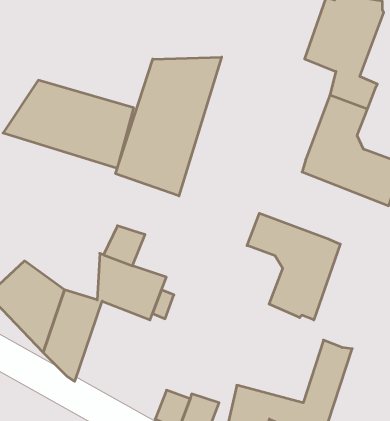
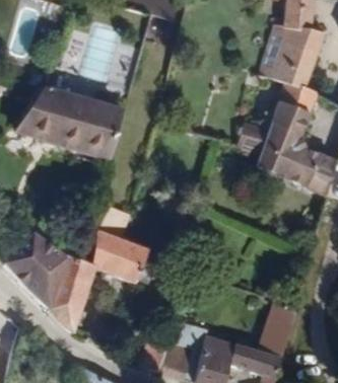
building: [116,57,222,196] -> none
building: [247,213,340,320] -> none

